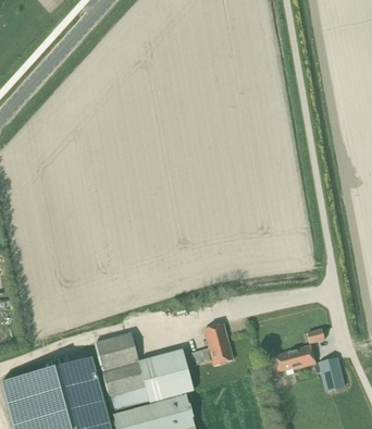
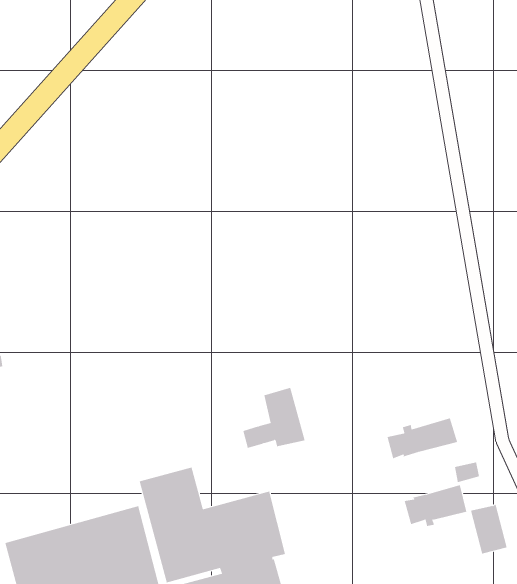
building: none -> [387,418,458,459]
building: [190,323,233,365] -> [242,387,305,449]

